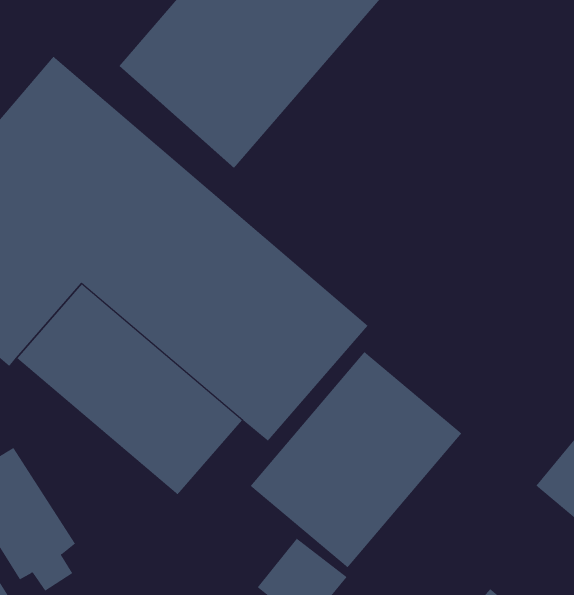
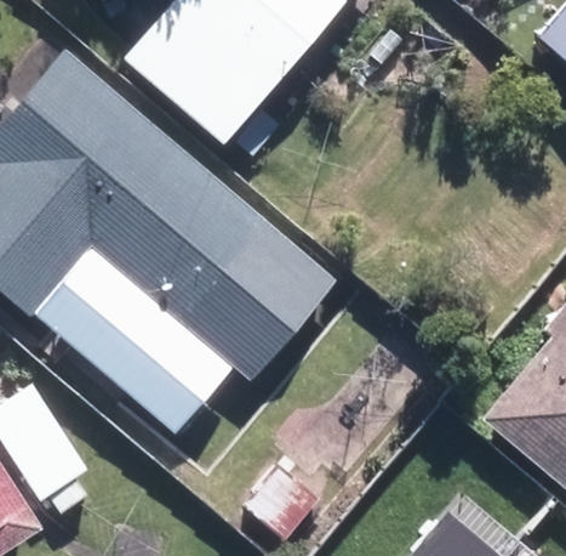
building: [250,351,462,568] -> none

